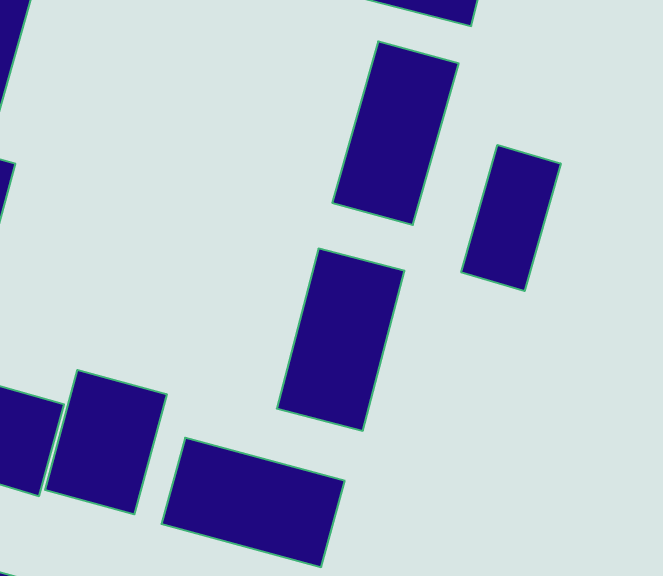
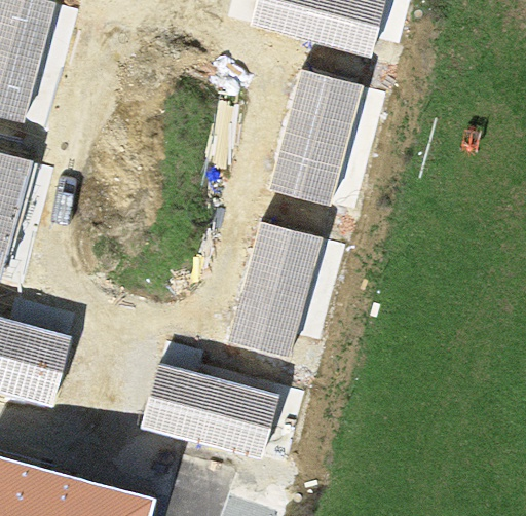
building: [461,145,561,291] -> none
building: [45,370,167,514] -> none

